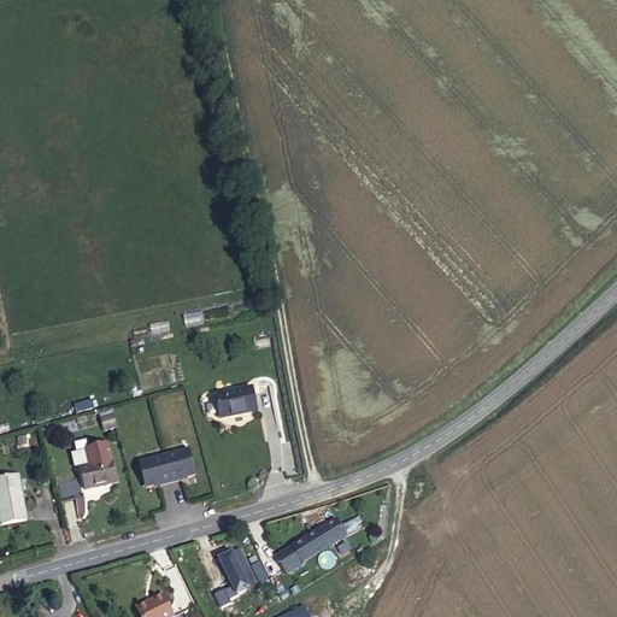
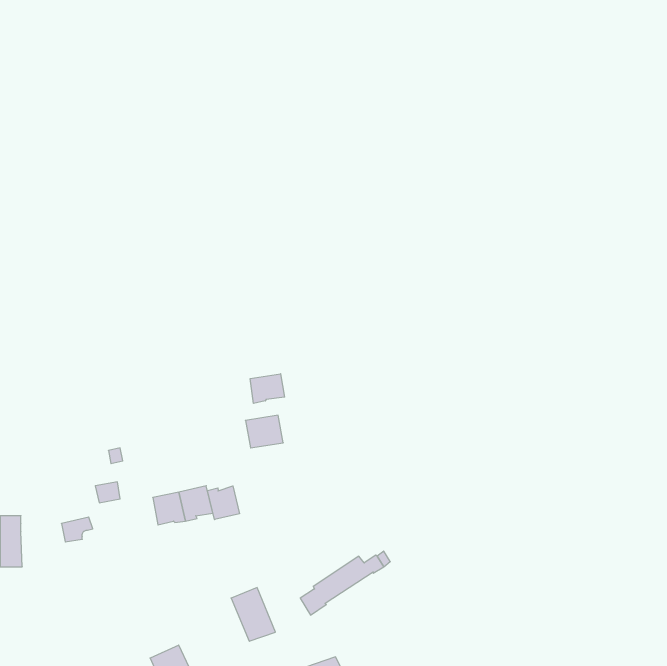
building: none -> [250,374,285,403]
building: none -> [207,486,239,520]
building: [80,462,116,489] -> none

